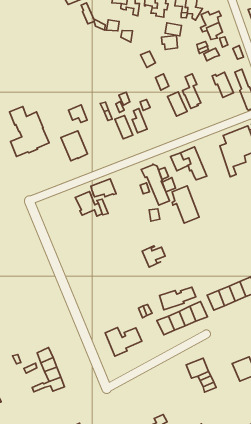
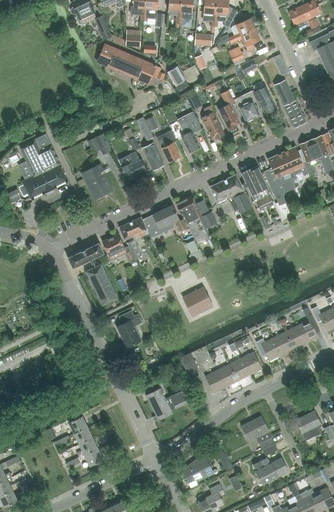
building: none -> [97,44,156,83]
building: none -> [233,91,259,122]
building: none -> [178,113,201,152]
building: none -> [122,151,146,180]
building: none -> [143,204,179,237]
building: [172,186,199,223] -> [241,165,274,208]
building: none -> [68,243,116,305]
building: none -> [116,311,142,349]
building: none -> [181,454,213,483]
building: none -> [253,458,288,485]

